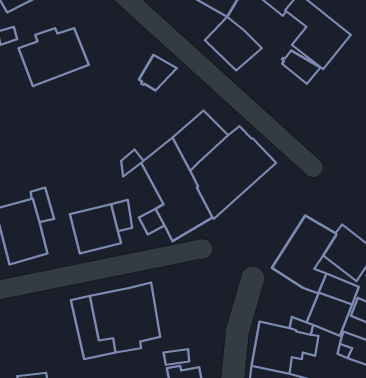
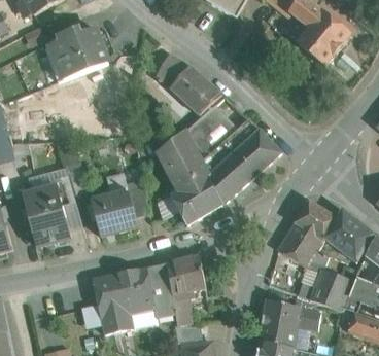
building: [205,17,262,70] -> [169,65,221,114]
building: [282,51,321,84] -> none
building: none -> [166,254,205,325]

